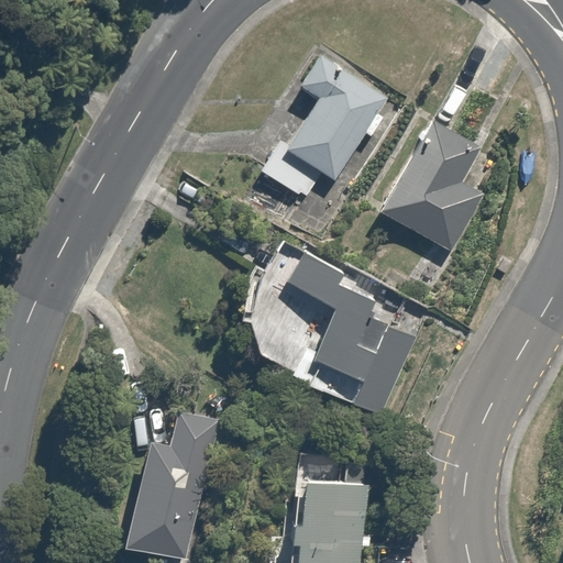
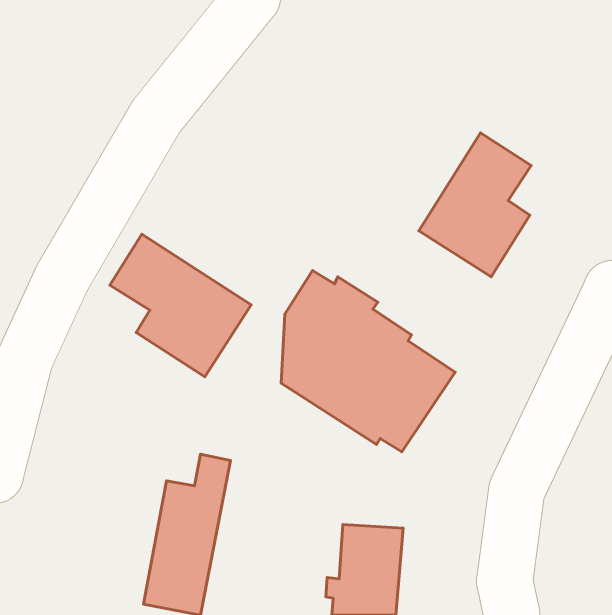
building: [258,48,389,199] -> none
building: none -> [110,234,251,377]

